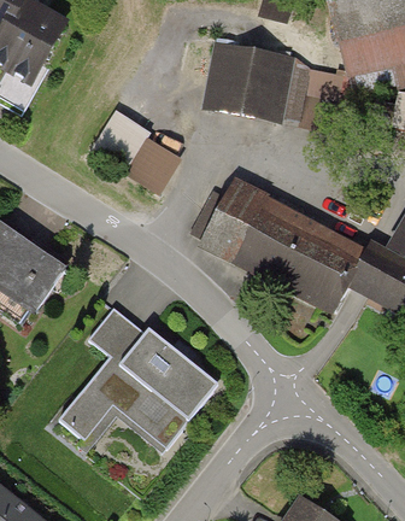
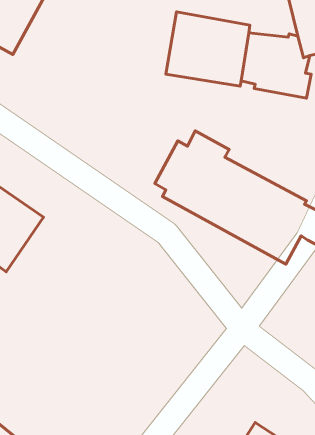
building: [89,107,183,194] -> none
building: [58,305,219,451] -> none

